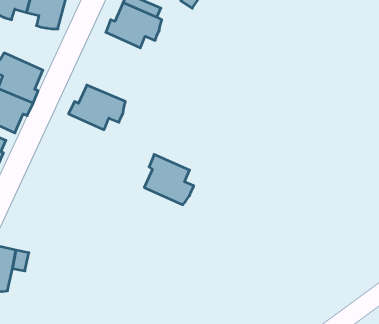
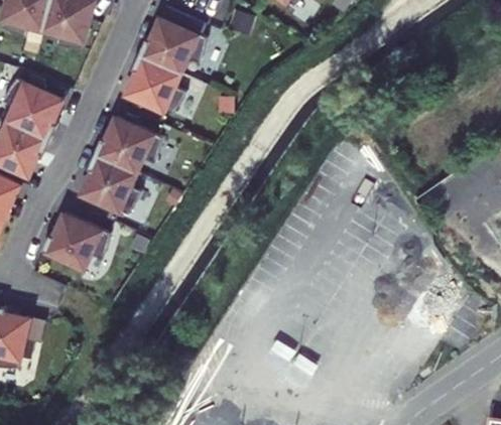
building: none -> [124,54,184,116]
building: [144,154,194,205] -> [80,154,140,216]
building: none -> [48,218,117,273]

